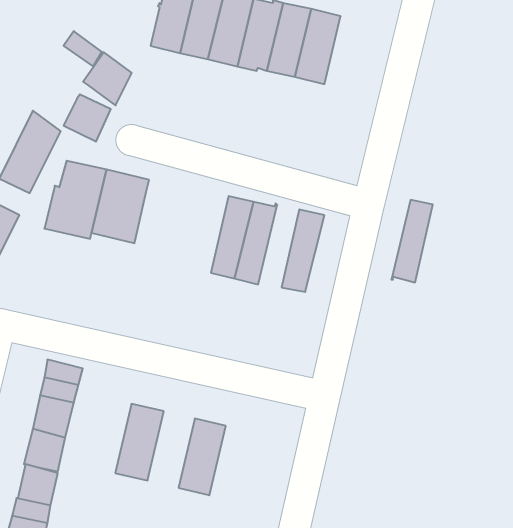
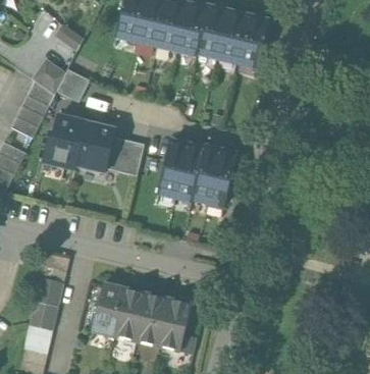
building: none -> [236,15,268,67]
building: [83,52,132,105] -> [32,58,65,95]
building: none -> [106,137,144,175]
building: [391,200,433,282] -> [191,146,219,203]
building: none -> [114,288,147,341]
building: none -> [157,299,191,352]

